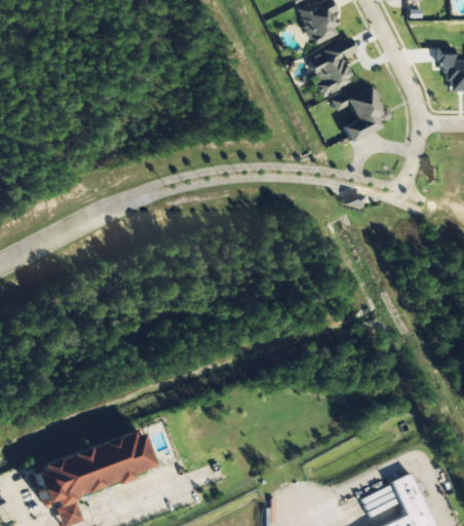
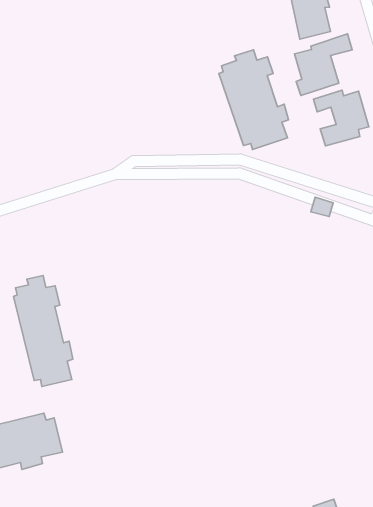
building: none -> [219,50,288,150]
building: none -> [13,276,73,387]

